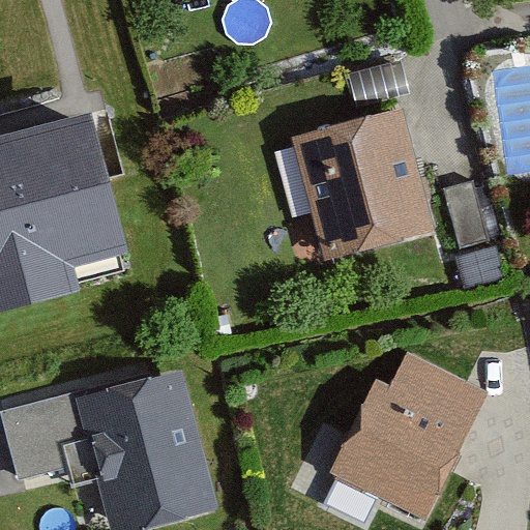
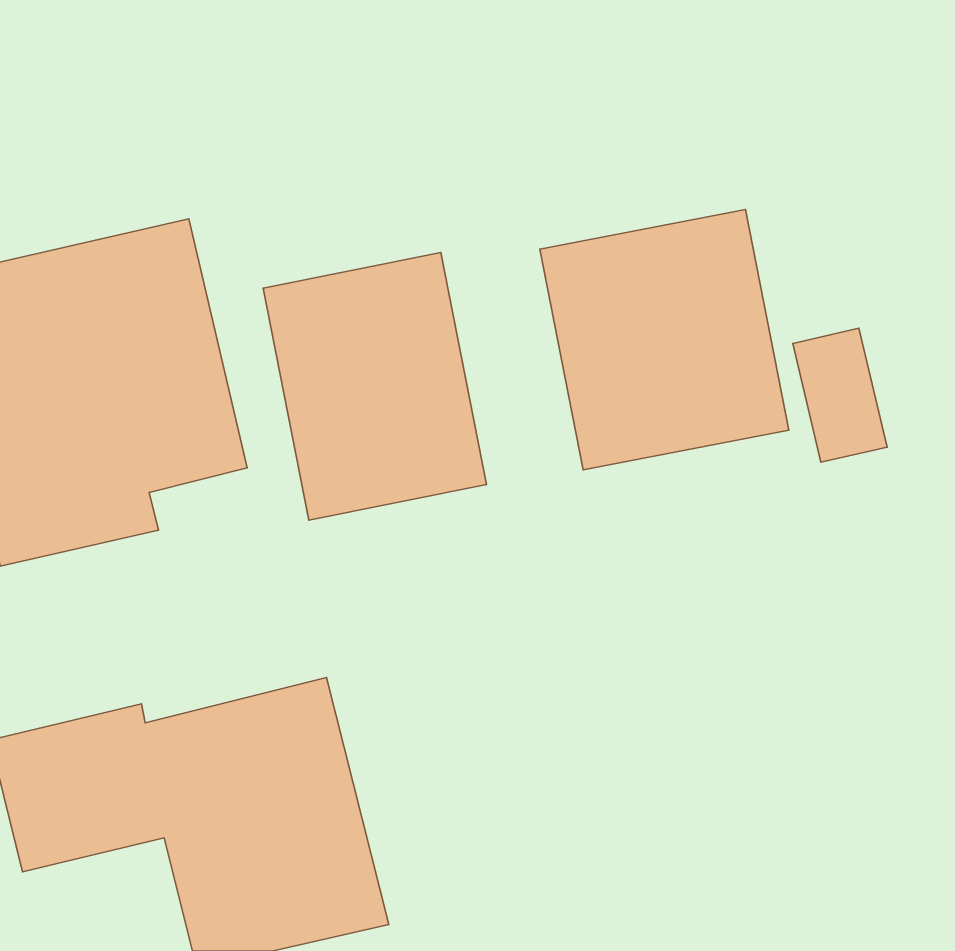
building: none -> [263,252,486,520]
building: [327,351,483,518] -> none

